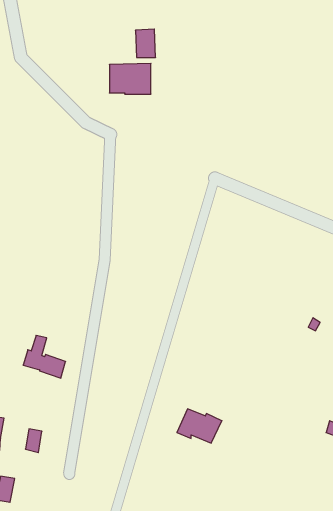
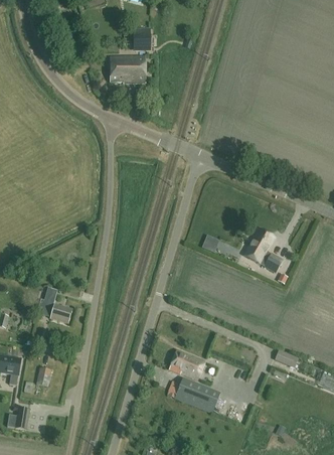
building: none -> [243,229,284,272]
building: none -> [175,381,220,413]

